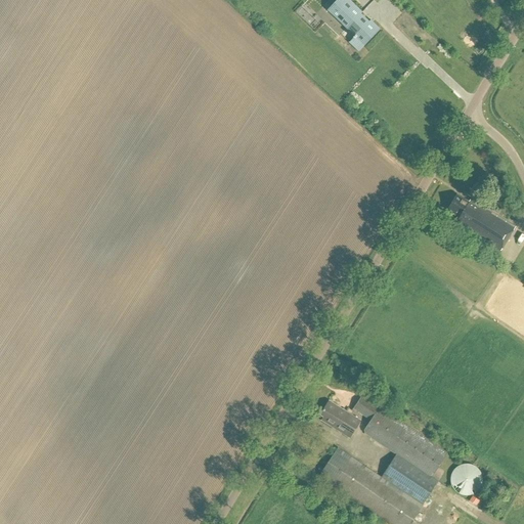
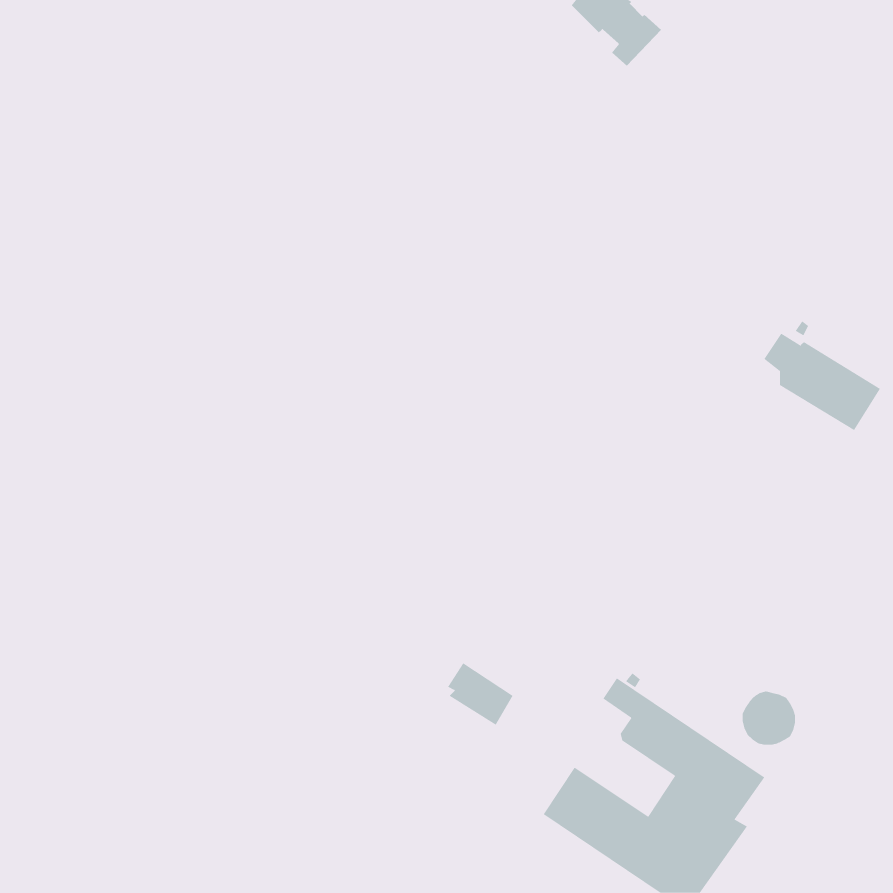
building: [319,400,358,437] -> [447,662,514,725]
building: [449,463,481,494] -> [742,691,796,745]

